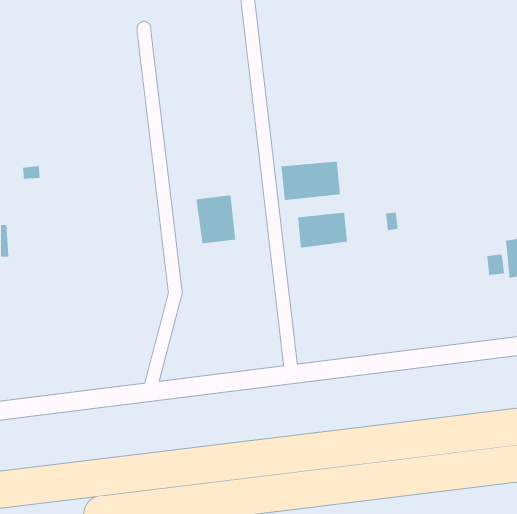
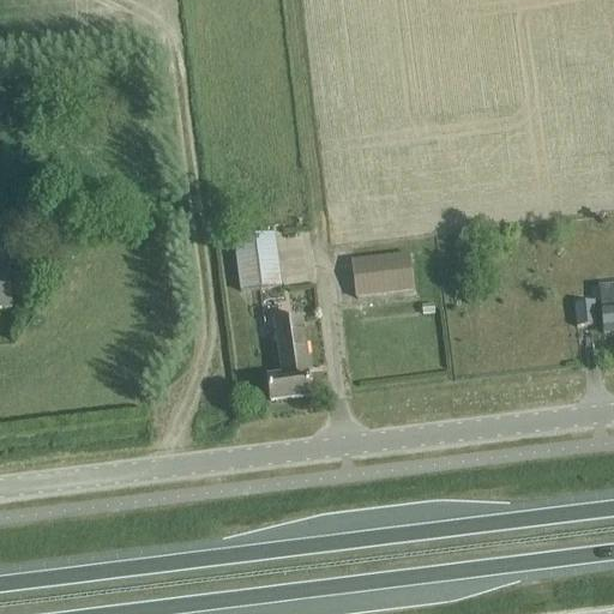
building: [281,161,341,201] -> none
building: none -> [269,315,308,399]

